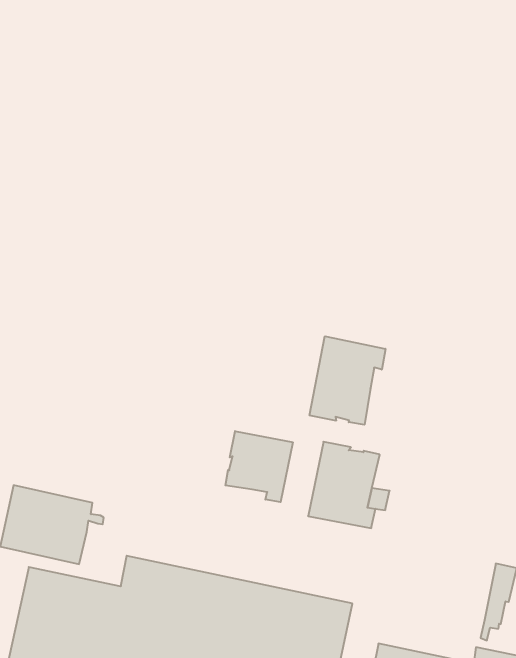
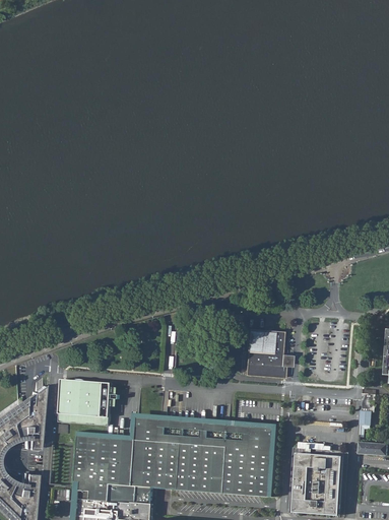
building: [310,336,385,425] -> none
building: [225,431,293,502] -> none

